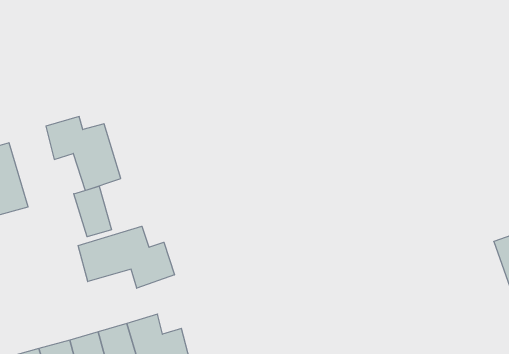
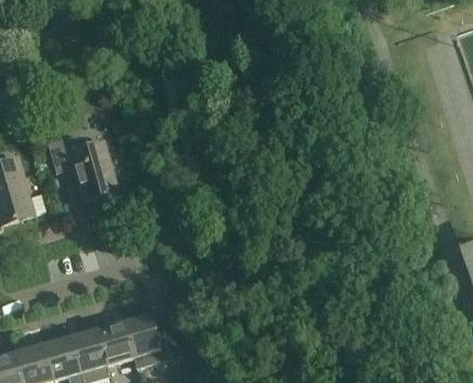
building: [74,186,112,237] -> none
building: [78,226,174,288] -> none

